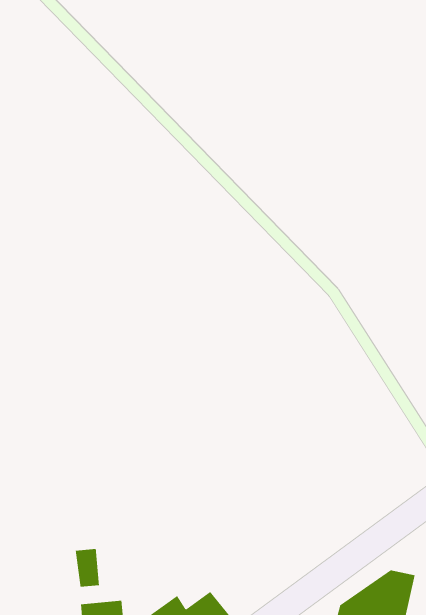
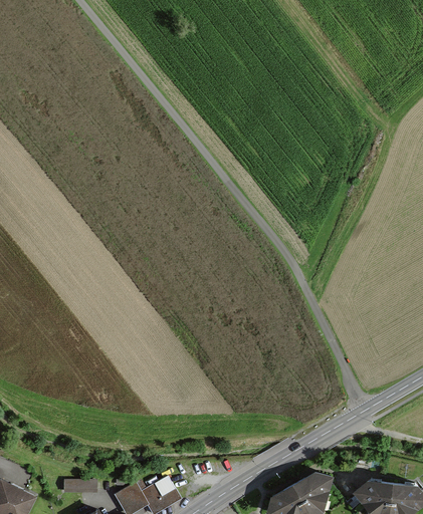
building: [75,548,99,587] -> none

